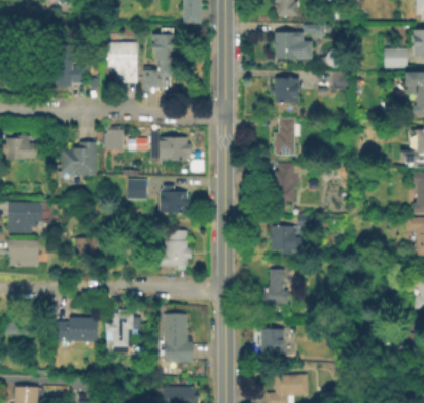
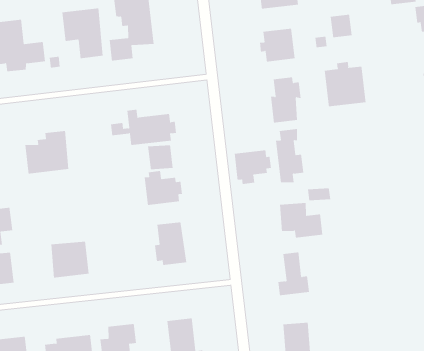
building: none -> [324,61,366,107]
building: [105,130,123,150] -> none
building: none -> [234,149,271,185]
building: [127,180,147,201] -> [147,145,174,170]

